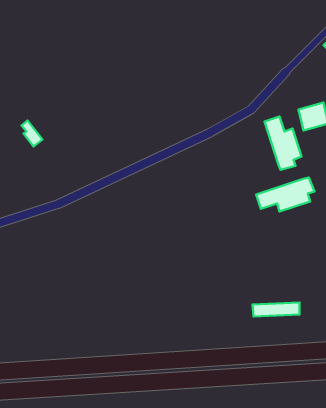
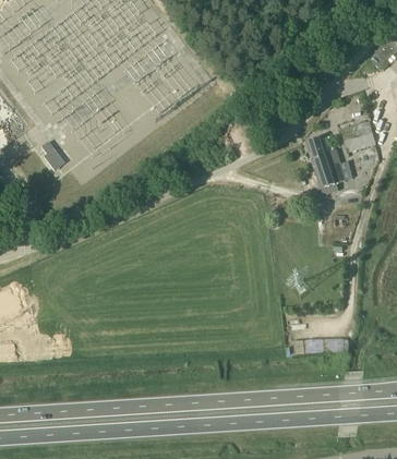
building: [256,177,314,212] -> none

